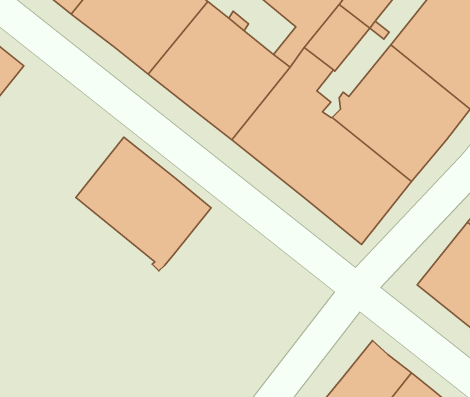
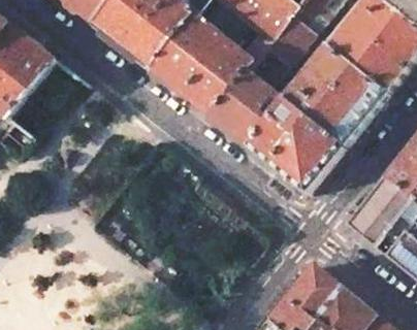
building: [76,137,211,271] -> none

